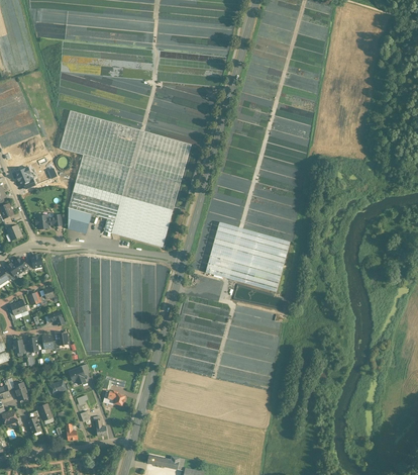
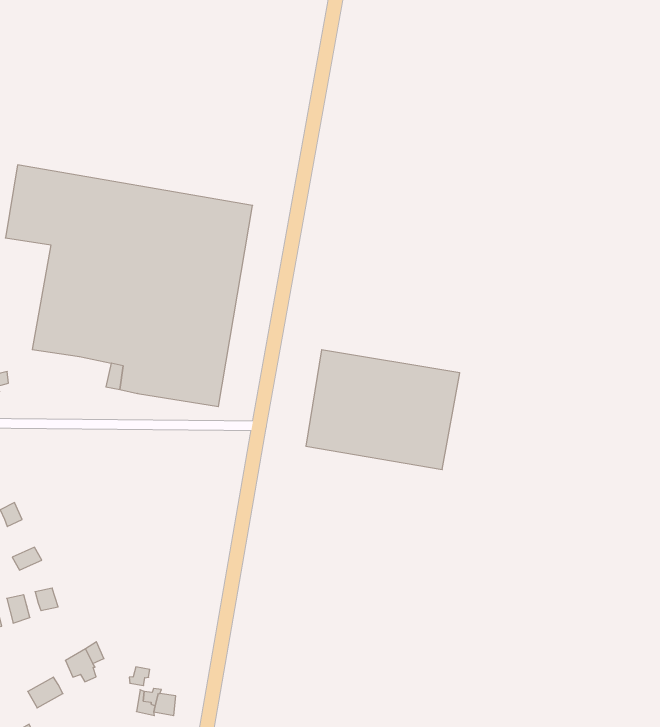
building: [67,207,92,233] -> none

